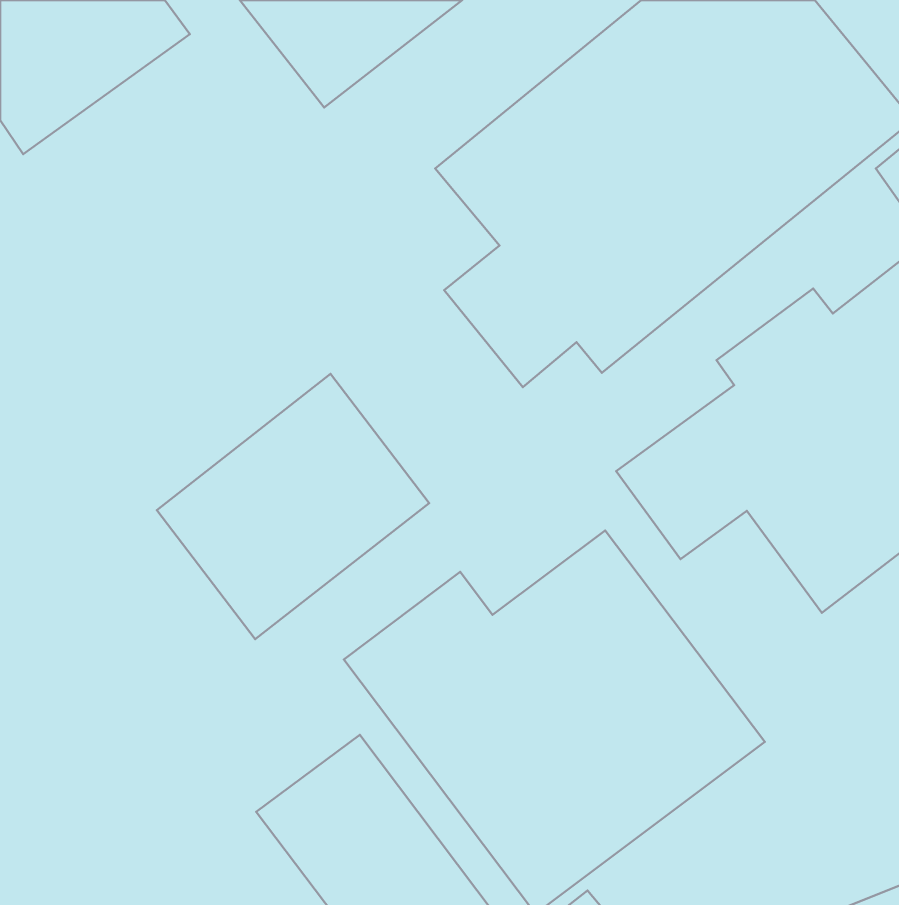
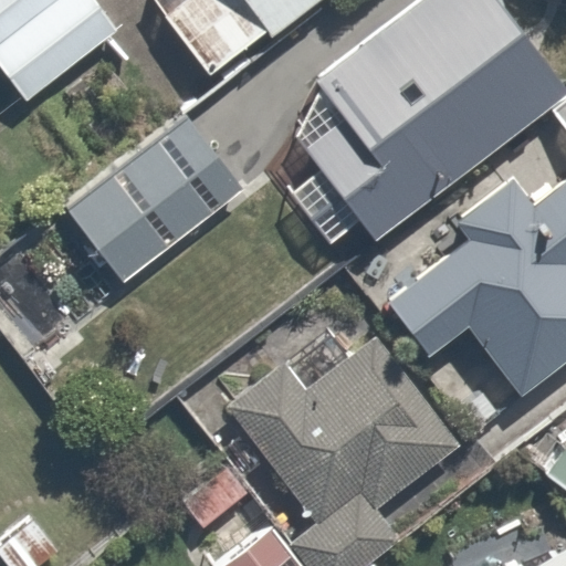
building: [157,374,429,639] -> [63,120,231,284]

